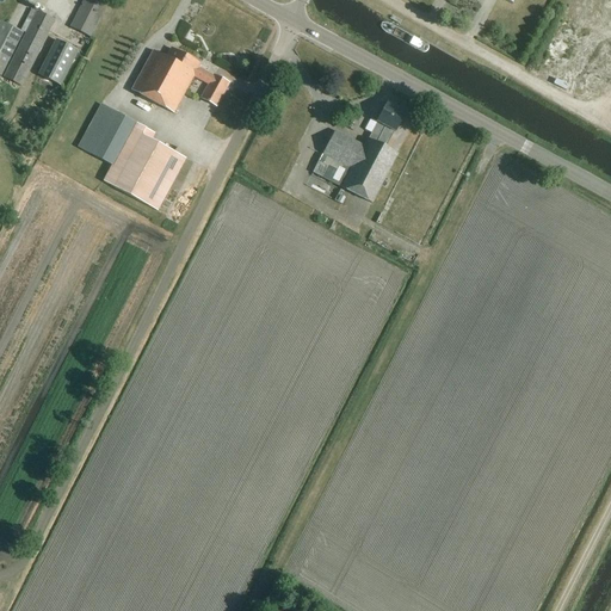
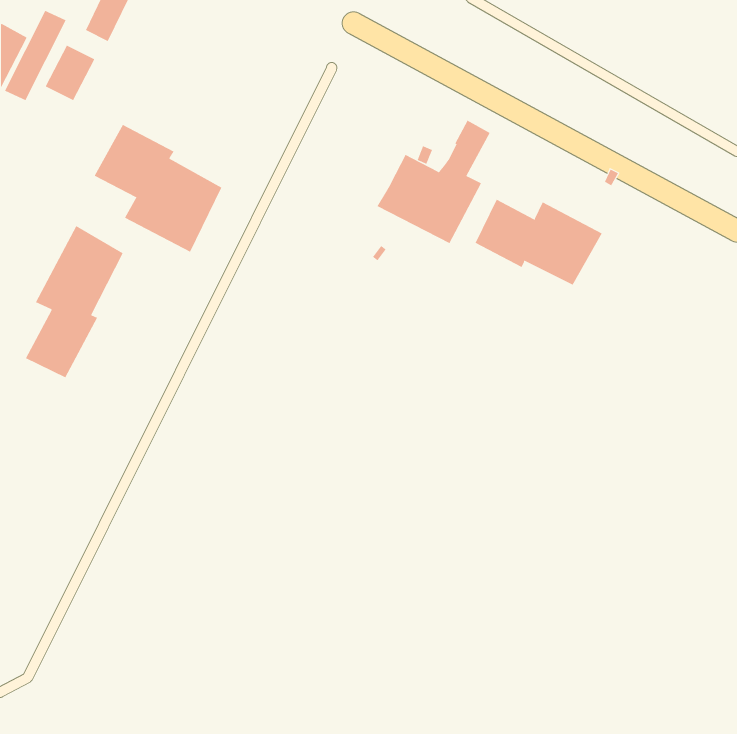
building: [131,47,228,111] -> none
building: none -> [475,199,602,285]
building: none -> [25,225,124,378]

